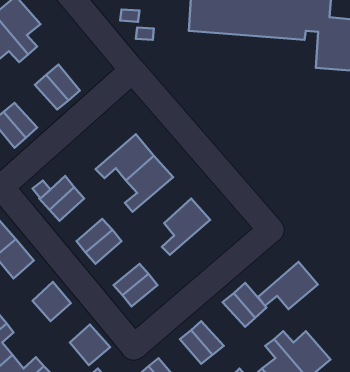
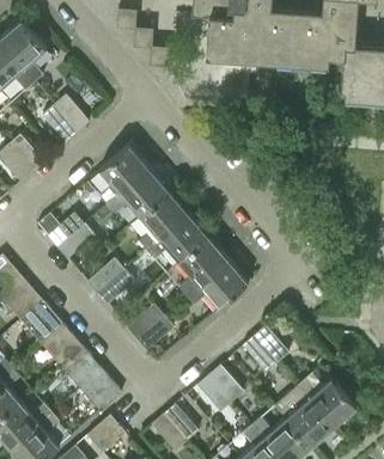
building: none -> [98,146,150,206]
building: none -> [146,214,208,263]
building: none -> [19,302,61,345]
building: [258,262,318,309] -> [185,259,249,310]
building: none -> [59,348,100,390]

